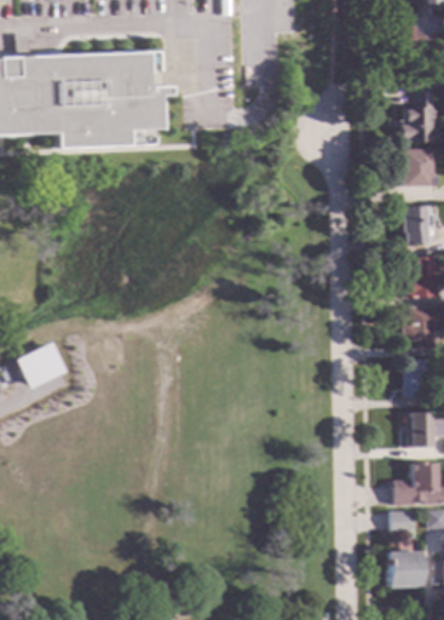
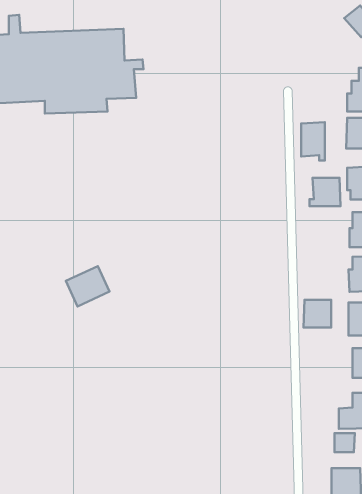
building: none -> [301,122,325,160]
building: none -> [309,178,340,206]
building: [18,341,68,388] -> [66,266,109,306]
building: none -> [304,300,331,327]

